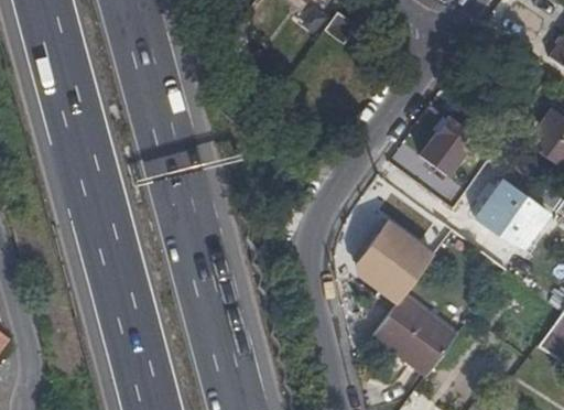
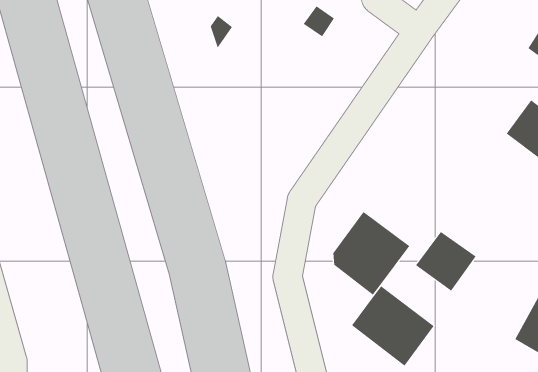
building: [424,128,477,184] -> none
building: [477,180,539,240] -> [415,231,477,291]

